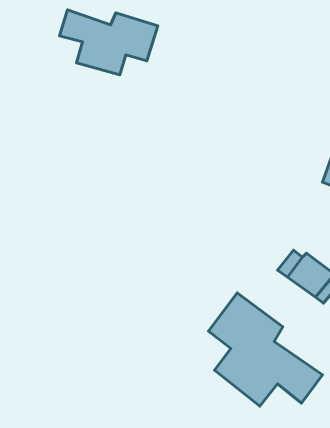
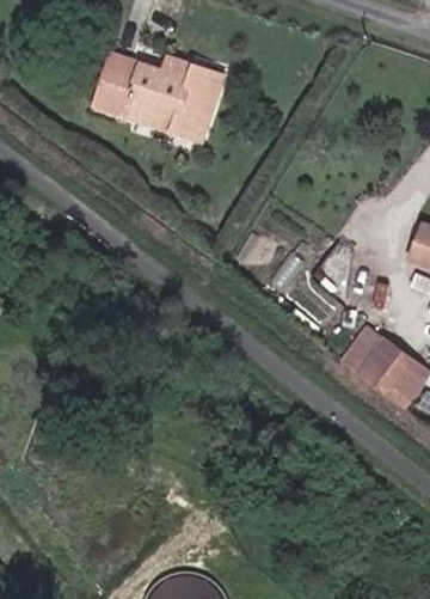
building: [209,293,323,406] -> none

